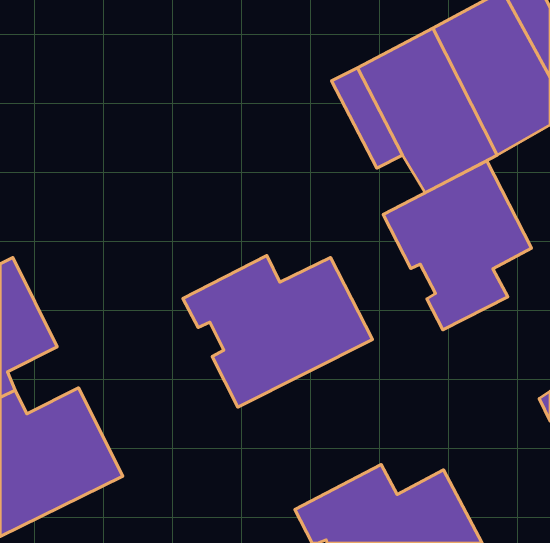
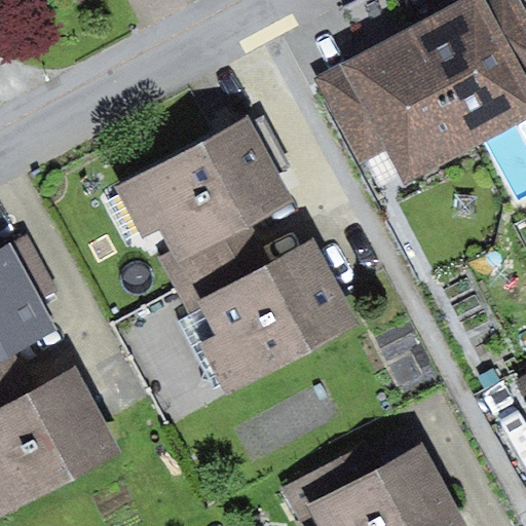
building: none -> [118,121,292,285]
building: [383,161,531,330] -> none

